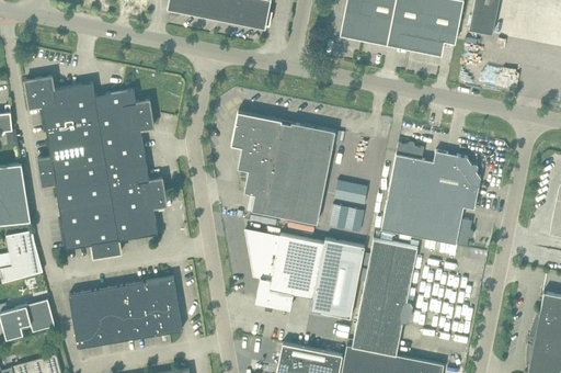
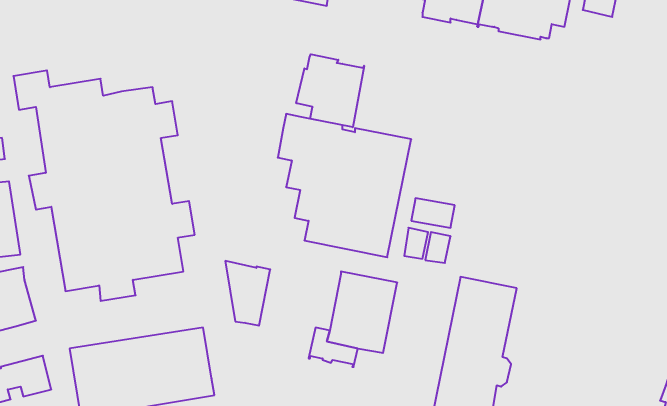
building: none -> [296,54,364,127]
building: [381,143,481,248] -> none
building: [245,230,280,281] -> [225,261,270,326]
building: [311,239,365,319] -> none

